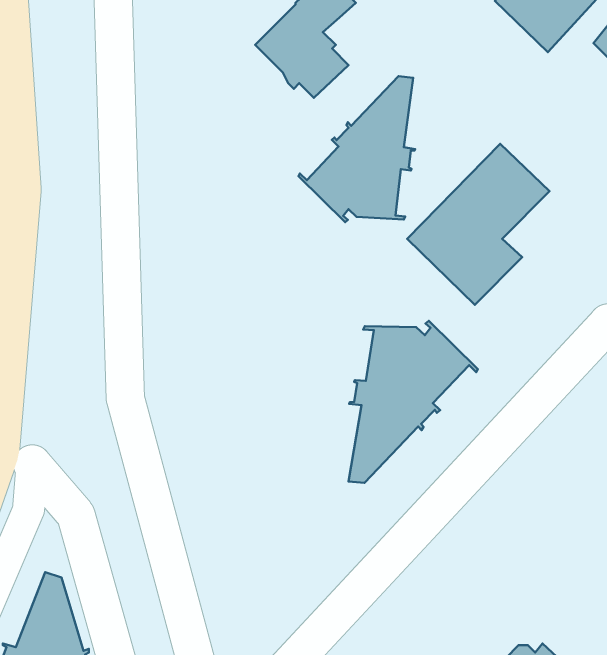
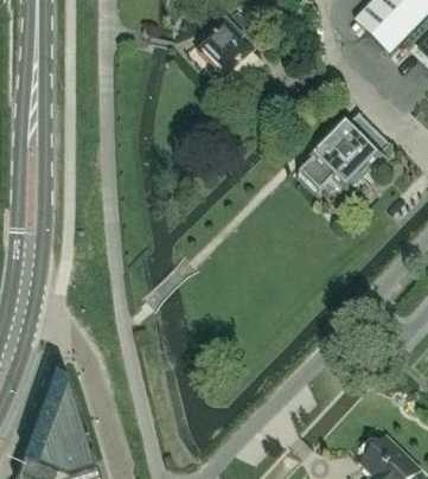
building: [298,76,415,222] -> none
building: [348,321,478,483] -> none

